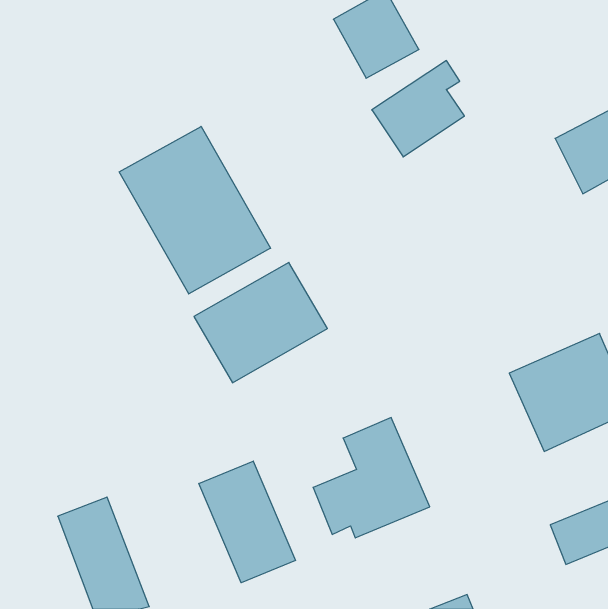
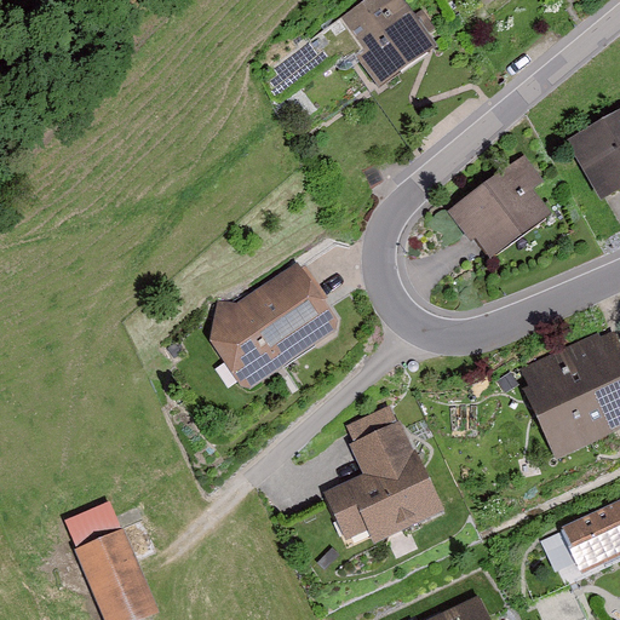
building: [372,61,464,157] -> [450,156,544,253]
building: [119,126,271,294] -> none
building: [199,461,295,583] -> none

